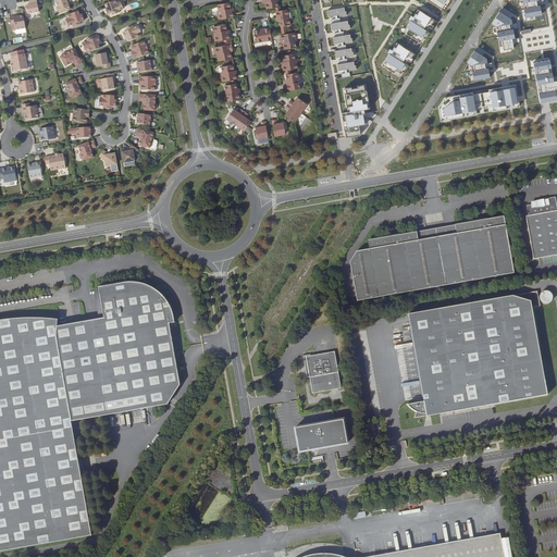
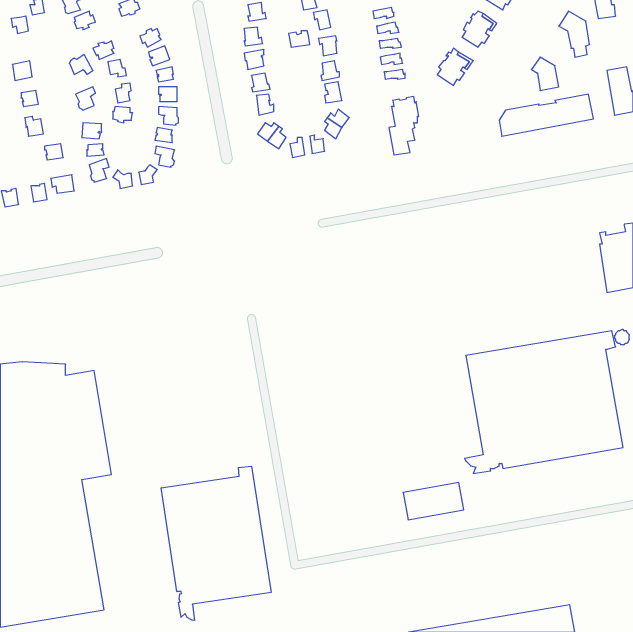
building: [354,215,513,299] -> none
building: [83,285,180,417] -> none
building: [301,350,341,392] -> none
building: none -> [161,466,271,620]
building: [295,418,348,450] -> [403,483,464,520]

